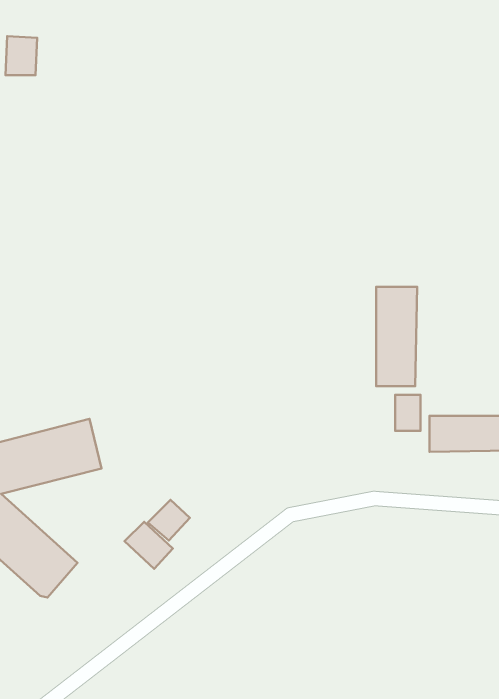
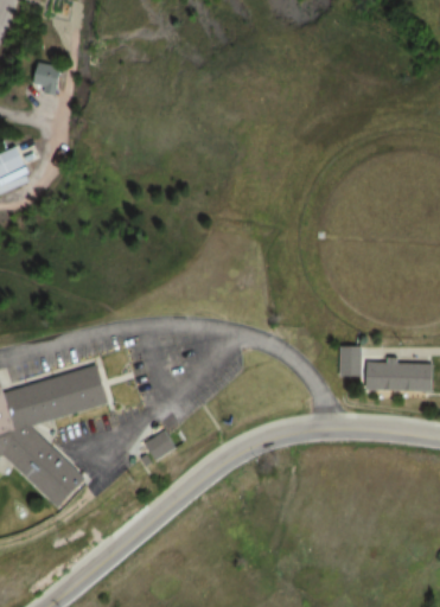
building: [376,287,417,386] -> none
building: [124,522,173,569] -> none

